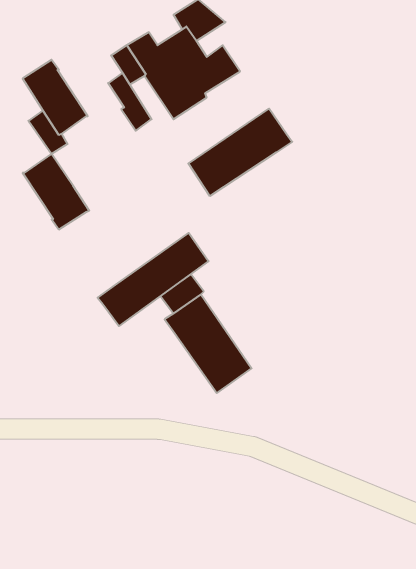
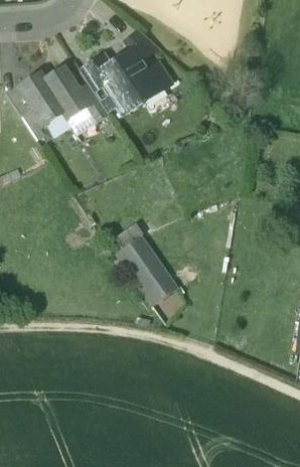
building: [188,109,292,196] -> none
building: [23,154,89,229] -> [41,67,88,120]
building: [98,233,209,326] -> none

